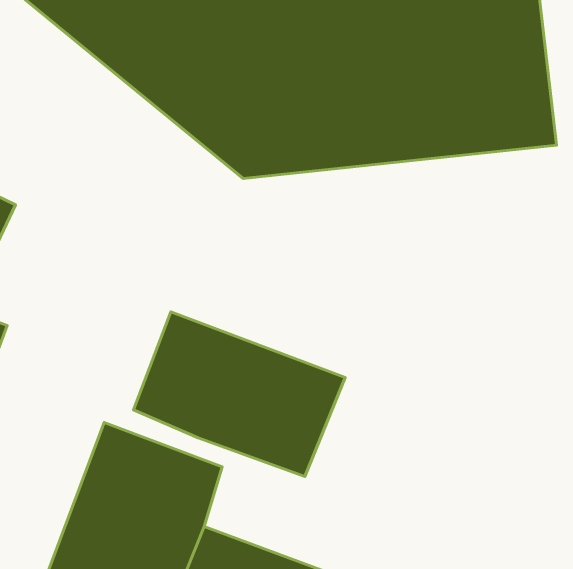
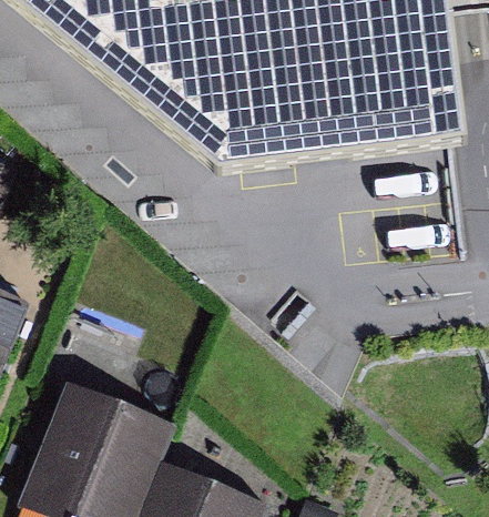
building: [134,312,345,476] -> none

